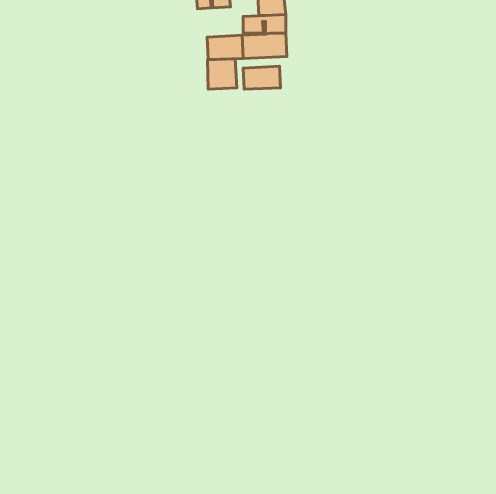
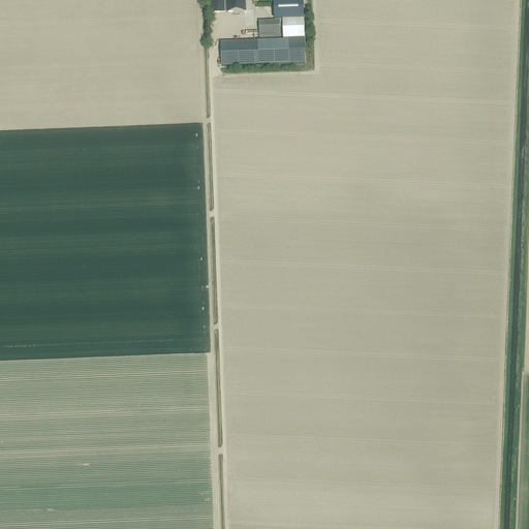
building: [208,59,237,89] -> none
building: [243,66,281,89] -> none

